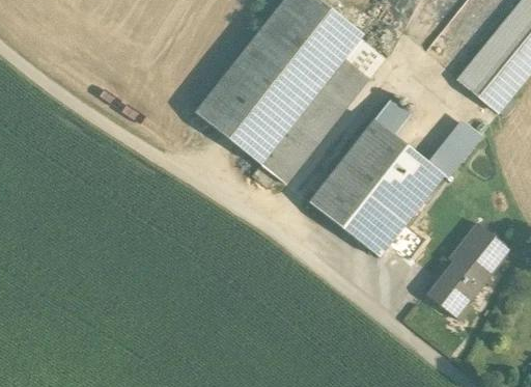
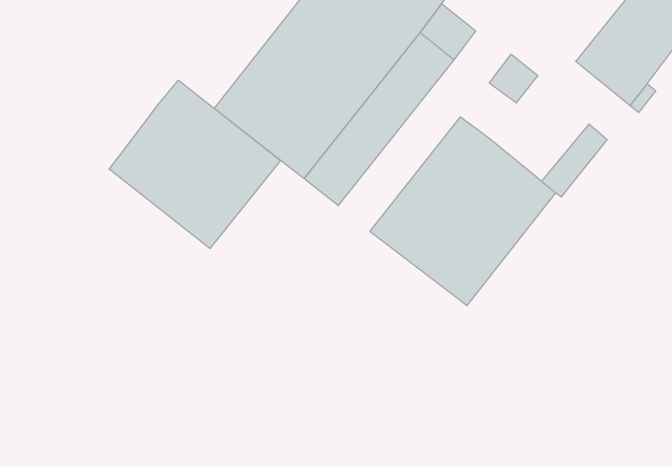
building: none -> [109,80,281,248]
building: [373,99,409,134] -> [489,54,538,103]
building: [426,223,510,313] -> none

